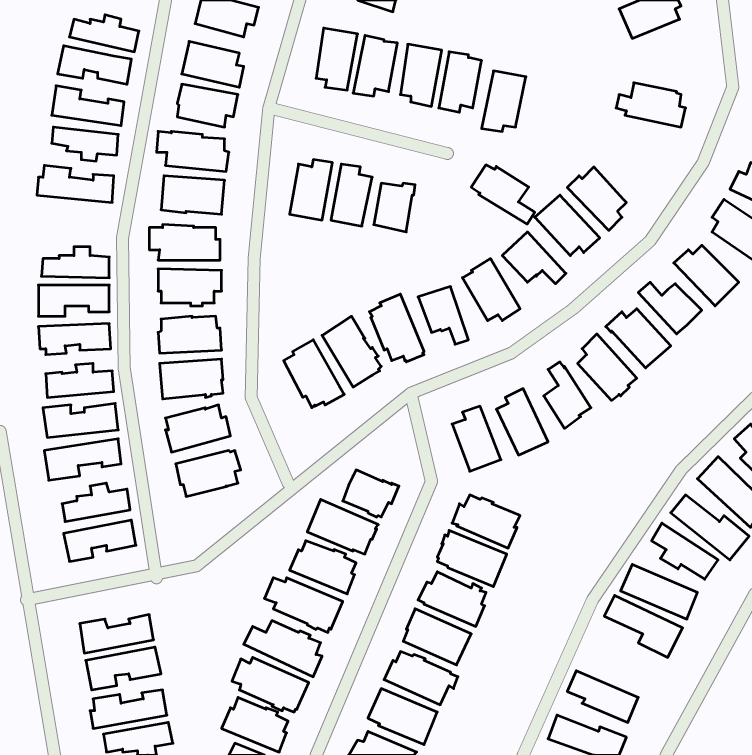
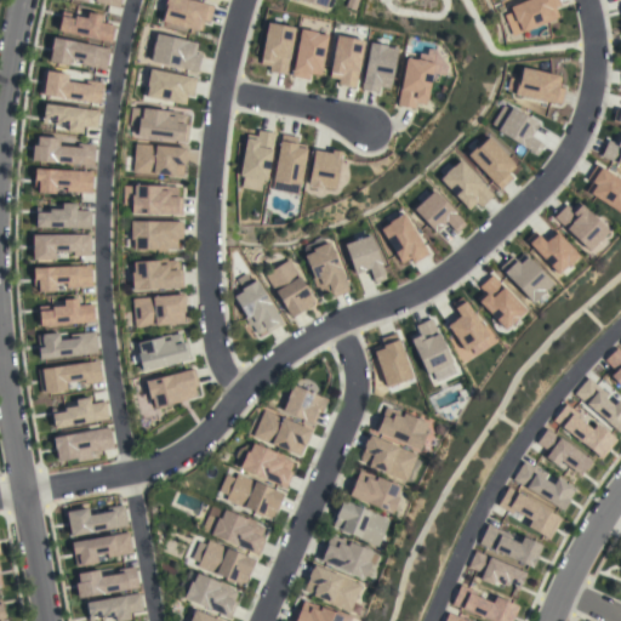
building: [471,165,535,224] -> [492,106,545,154]
building: none -> [35,169,93,193]
building: none -> [479,526,542,568]

